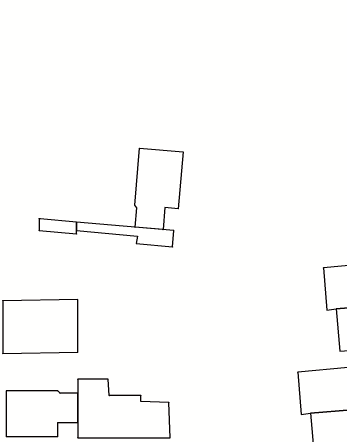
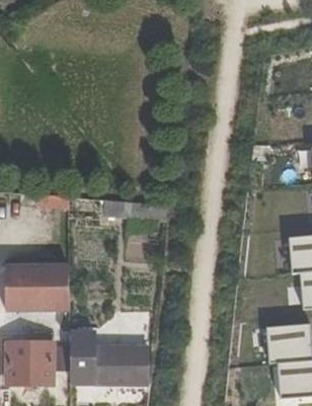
building: [135,148,183,230] -> none

